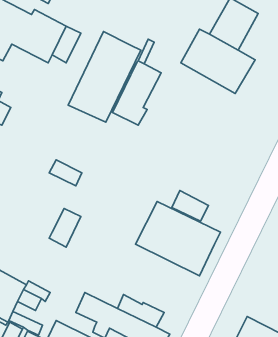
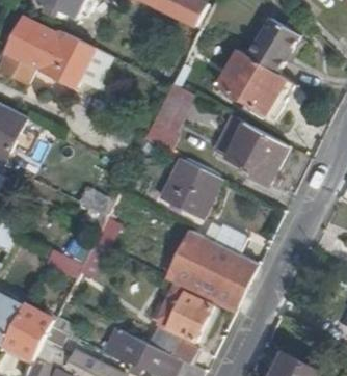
building: [68,31,141,122] -> none
building: none -> [212,115,281,182]
building: none -> [153,155,214,216]
building: none -> [156,287,212,342]

